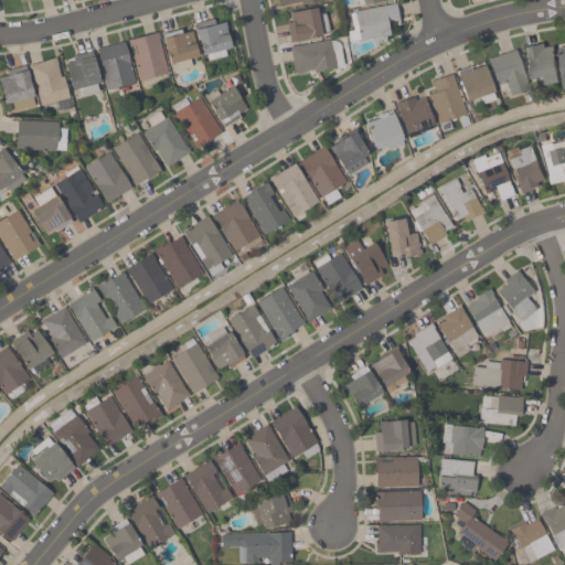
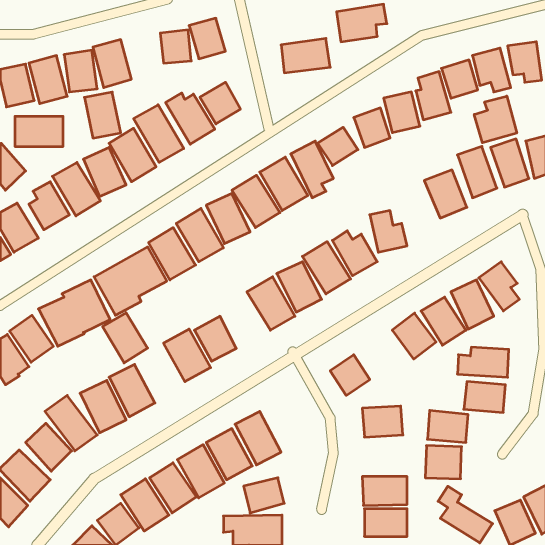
building: [286,6,330,43] -> none
building: [131,33,169,81] -> [84,92,121,138]
building: none -> [474,96,517,143]
building: [409,194,454,244] -> none
building: [228,305,277,360] -> none
building: [371,349,412,387] -> none
building: [143,360,190,412] -> [103,313,148,363]
building: [271,407,322,458] -> none
building: [376,457,426,488] -> none

